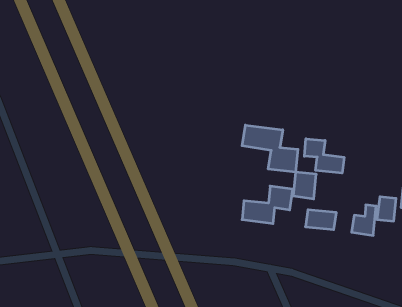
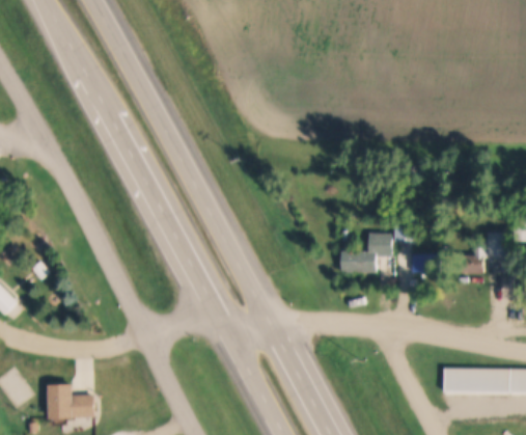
building: [242,125,298,172] -> none
building: [304,139,344,173] -> none

